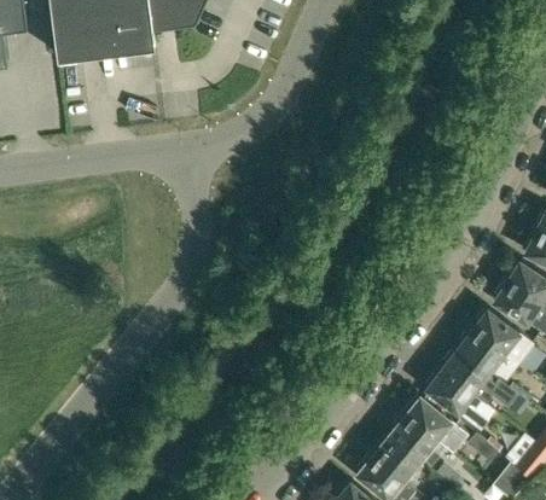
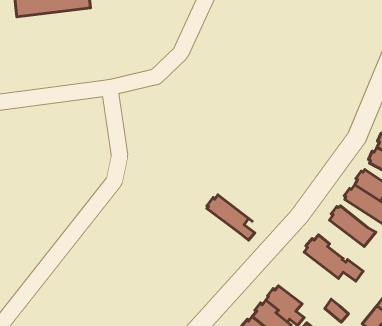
building: [459,327,519,380] -> none
building: [425,370,489,430] -> [207,195,255,240]
building: [406,395,470,454] -> none

